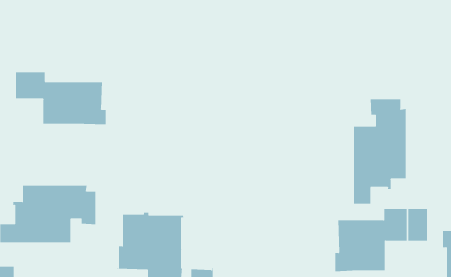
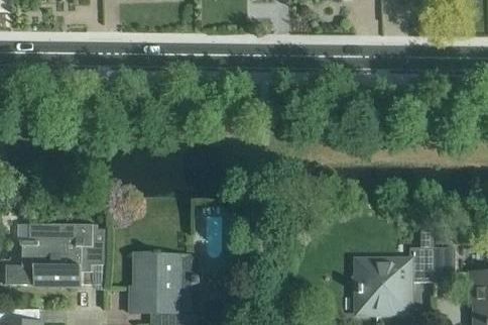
building: [15,72,106,125] -> none
building: [353,99,406,204] -> none

